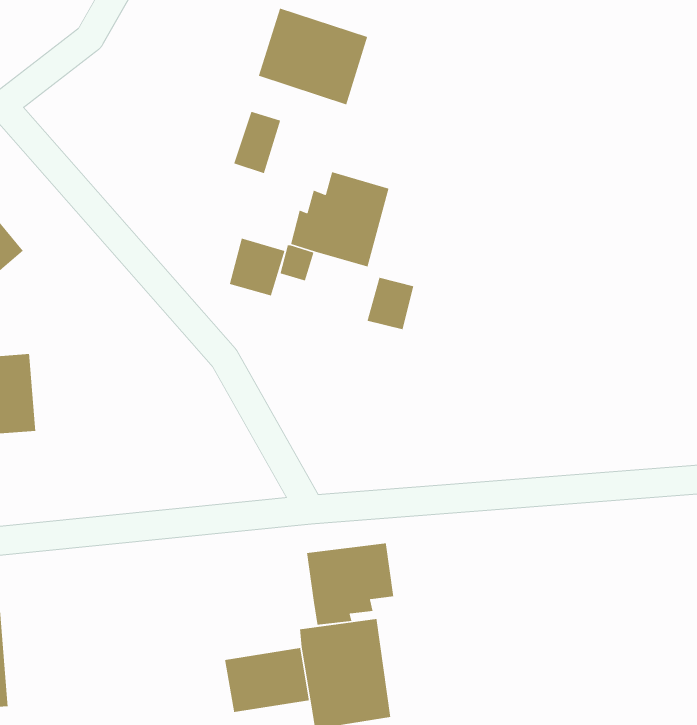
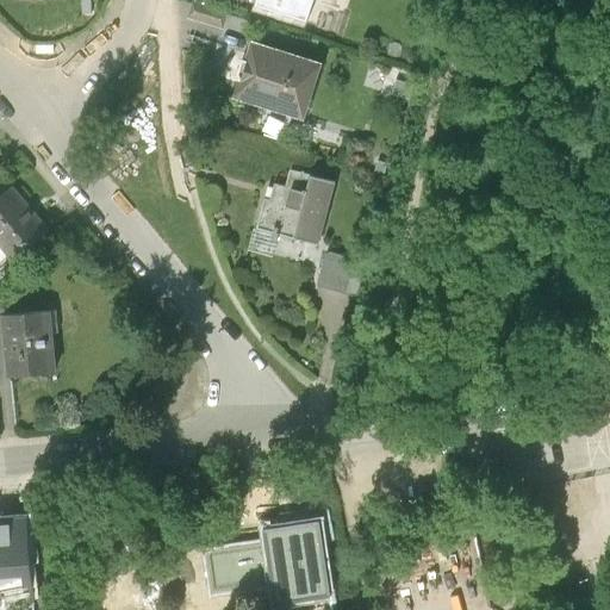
building: [233,111,281,174] -> none
building: [229,237,286,297] -> none
building: [306,542,394,626] -> none

